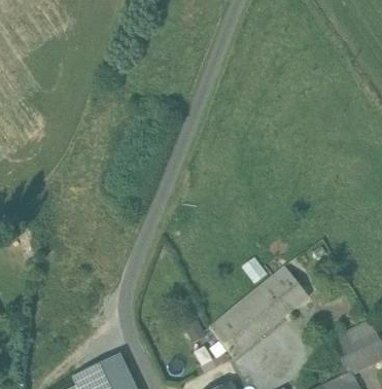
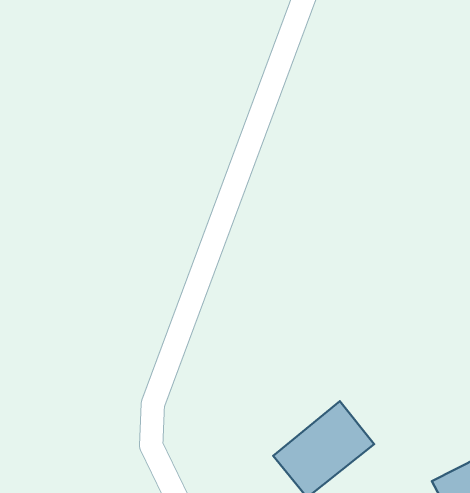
building: [254,264,307,318] -> none

